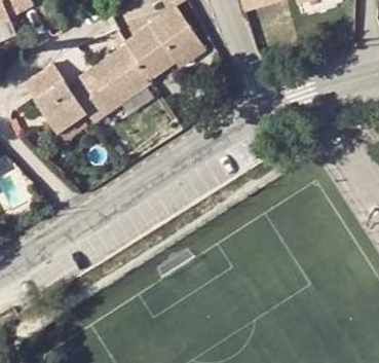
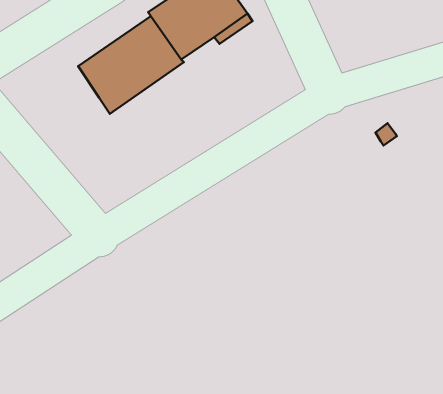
building: [24,65,85,133] -> none

